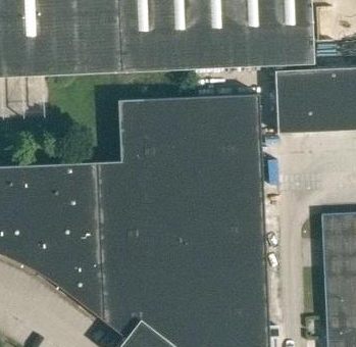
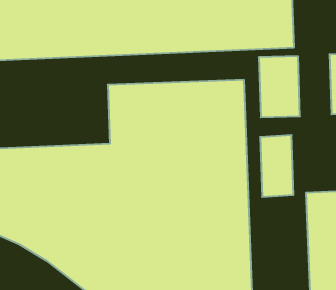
building: [315,68,350,133] -> [260,135,293,197]

